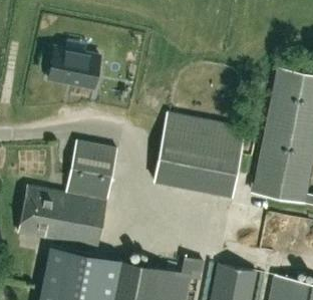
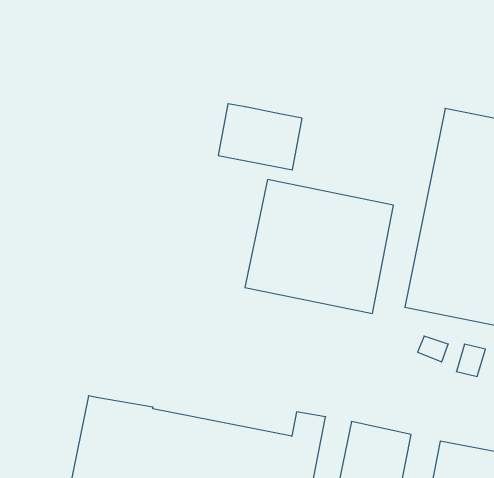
building: [48,47,100,88] -> [218,104,302,170]
building: [17,142,118,255] -> none

